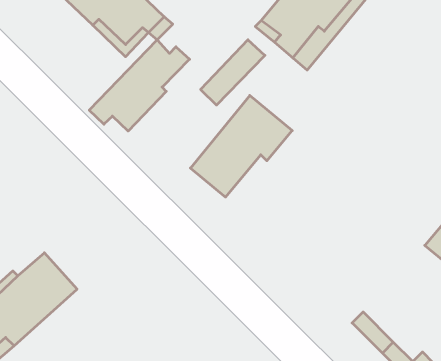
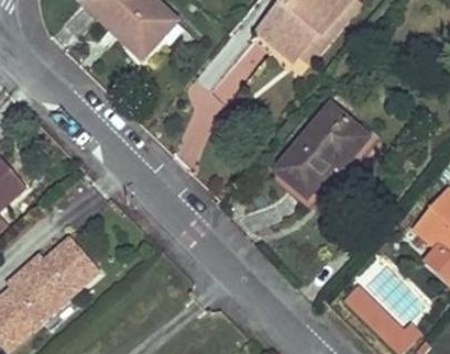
building: [89,40,190,131] -> none
building: [190,95,292,197] -> [277,104,370,197]

